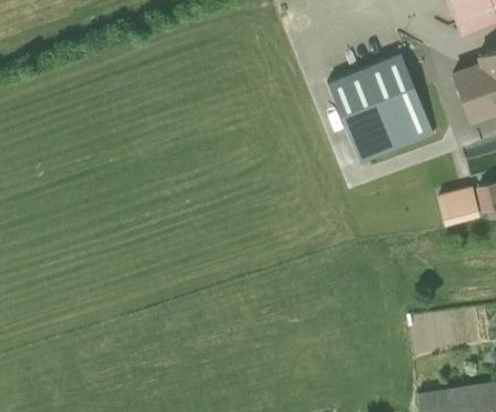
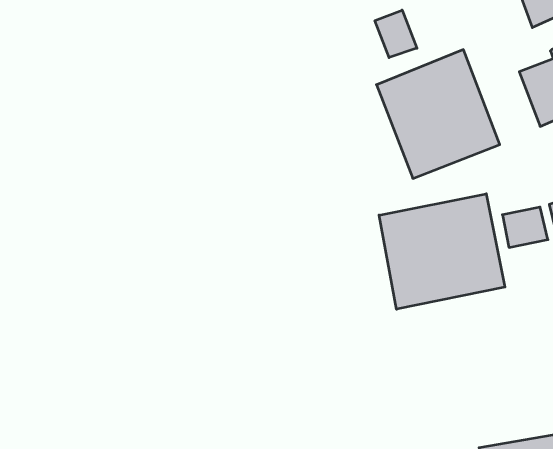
building: none -> [375,10,417,58]
building: none -> [379,194,505,309]

